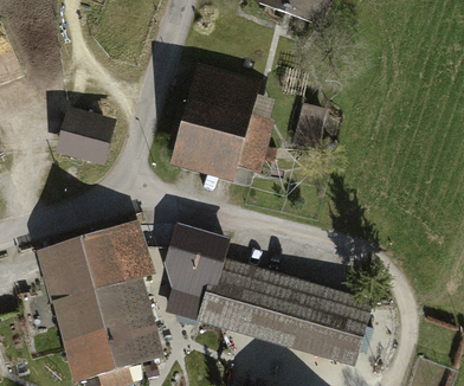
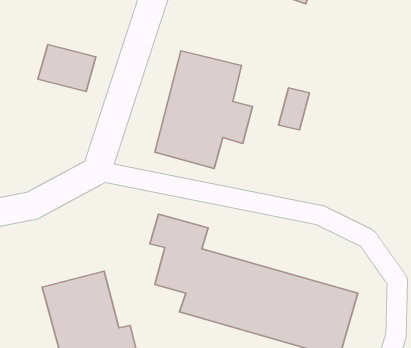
building: [58,116,114,161] -> [38,44,96,92]
building: [49,233,147,295] -> none

